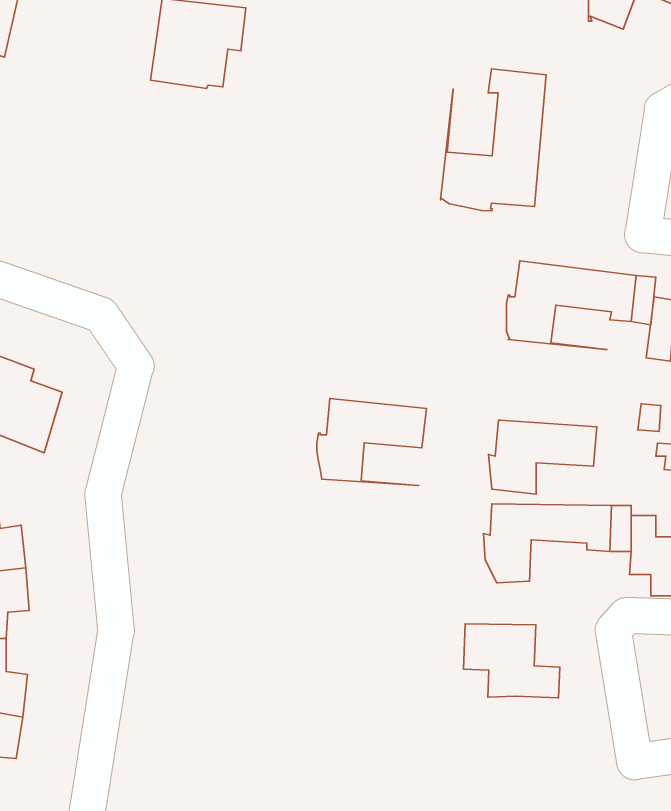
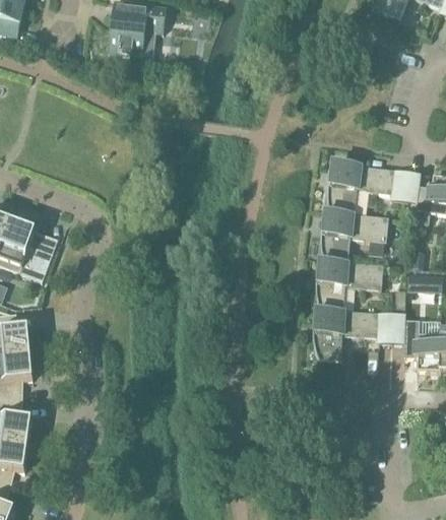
building: [440,69,546,211] -> none
building: [317,399,427,486] -> [320,210,388,264]
building: [463,624,560,698] -> none

